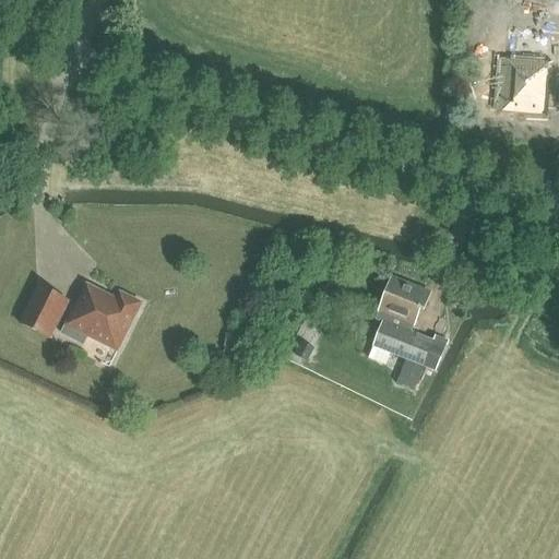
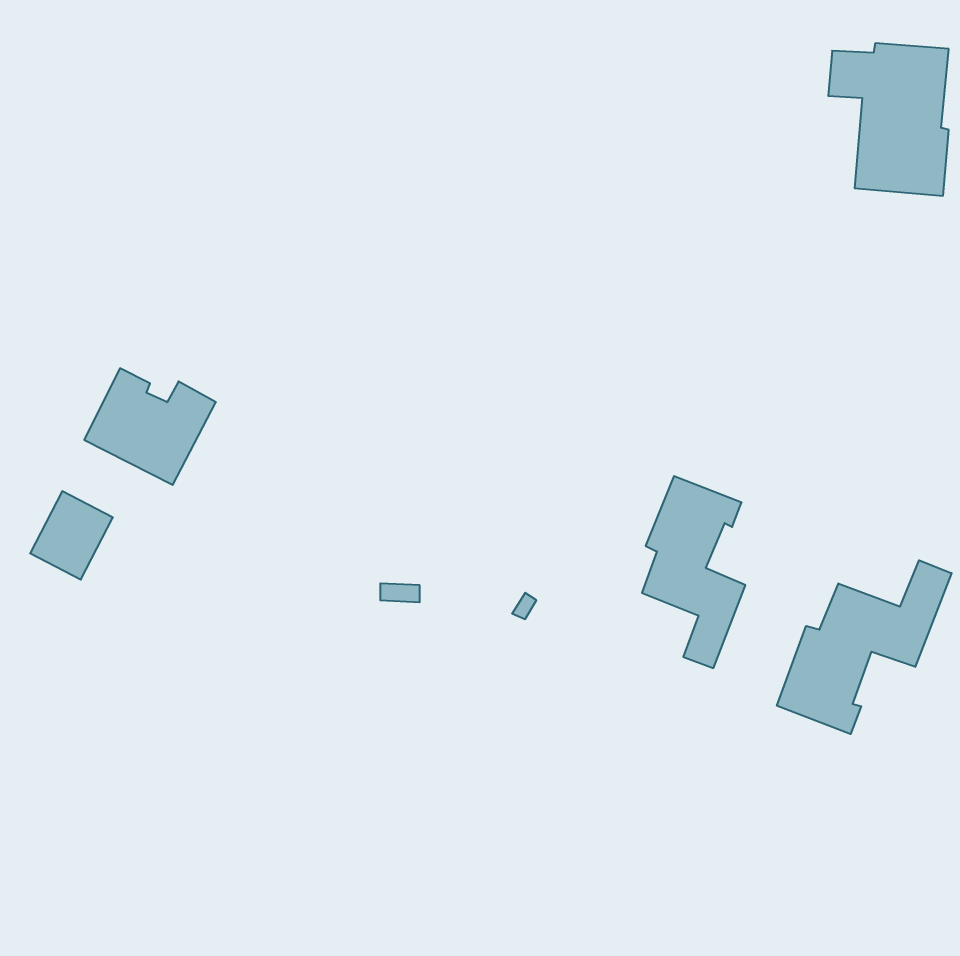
building: [64,283,141,350] -> [84,368,216,485]
building: none -> [777,560,952,734]

